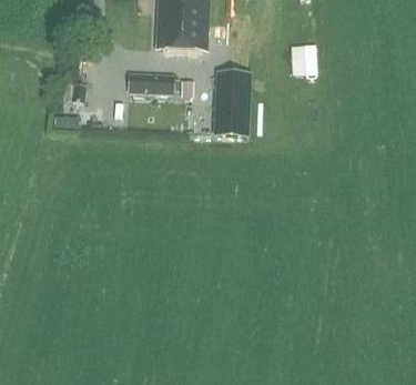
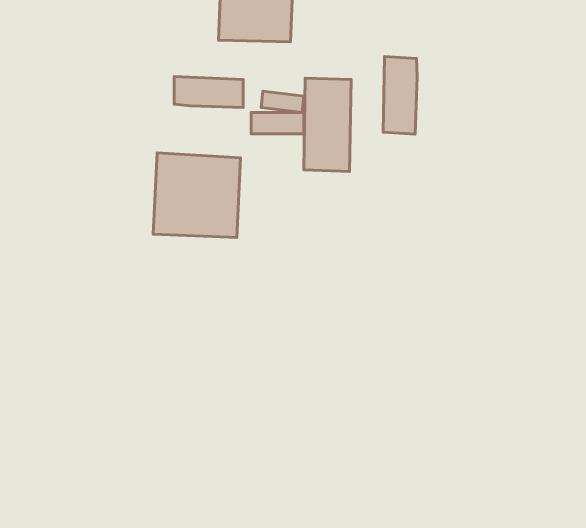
building: none -> [383,56,417,134]
building: none -> [153,153,240,238]

